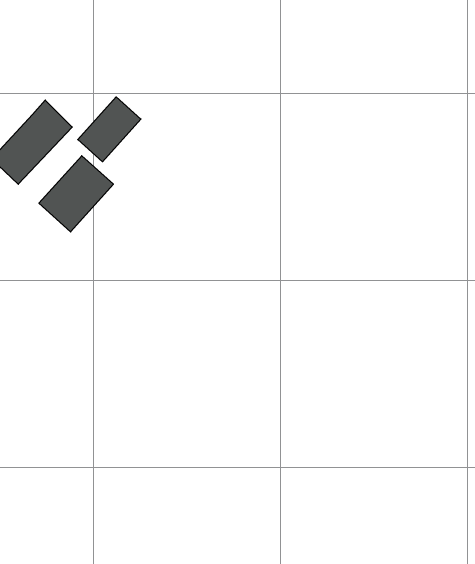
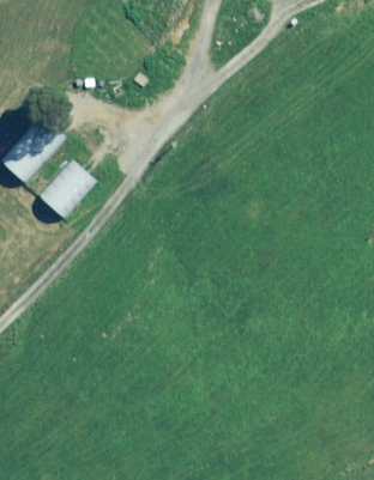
building: [78,97,141,162] -> none

